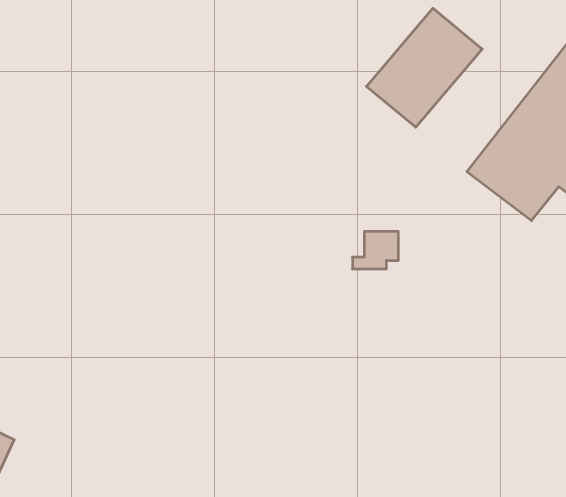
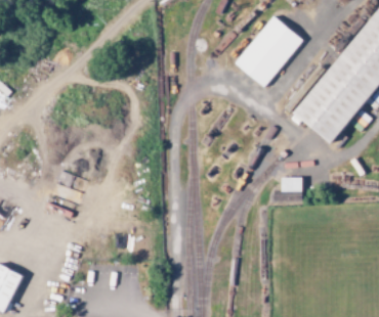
building: [352,232,398,269] -> [275,177,302,199]

